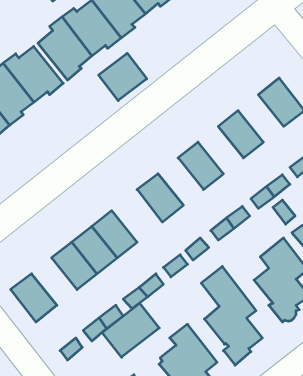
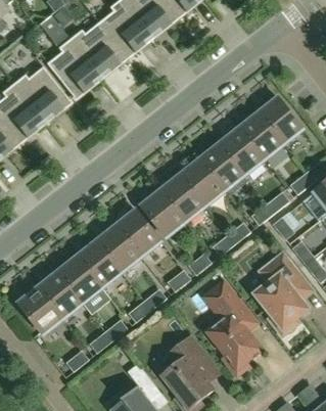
building: [99,53,147,101] -> none
building: none -> [239,113,283,159]
building: none -> [200,144,244,190]
building: none -> [161,175,205,221]
building: none -> [117,210,160,257]
building: none -> [39,272,83,318]
building: [102,303,159,357] -> none

